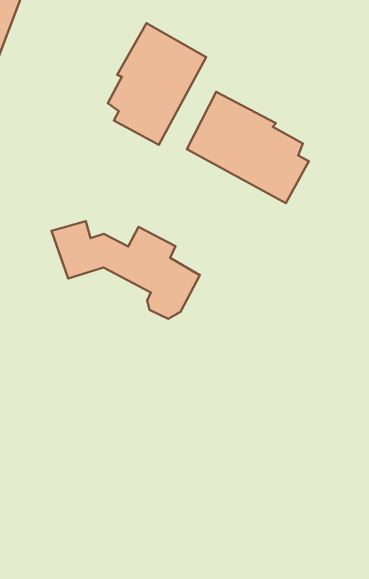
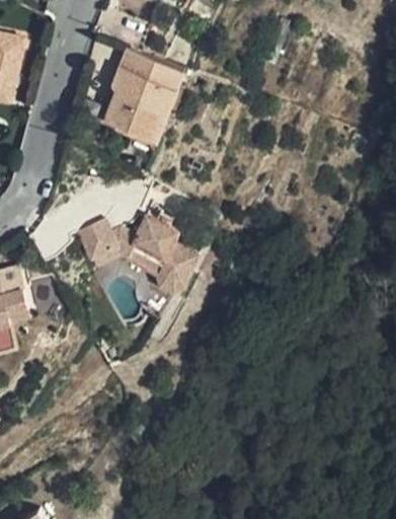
building: [187,92,309,203] -> none

